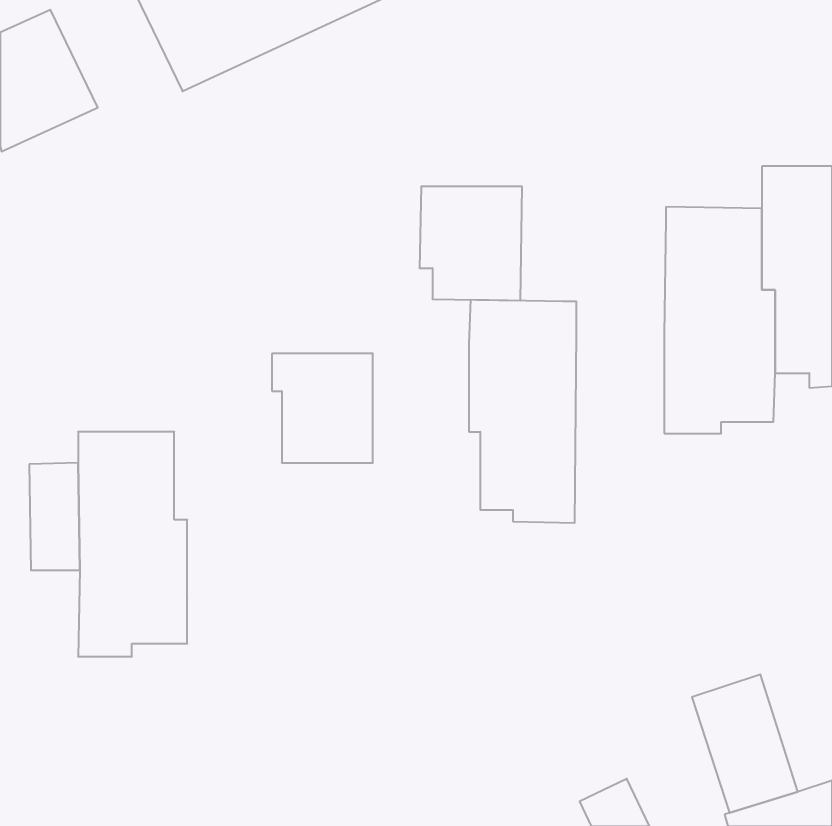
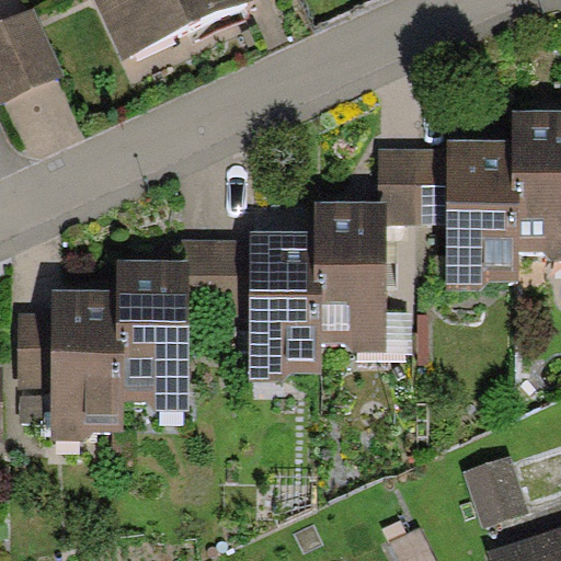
building: [419,187,522,301] -> [379,148,448,225]
building: none -> [250,231,323,380]
building: none -> [117,263,190,409]

